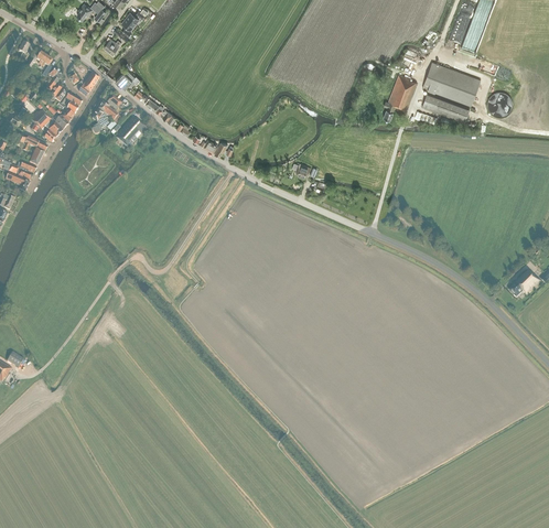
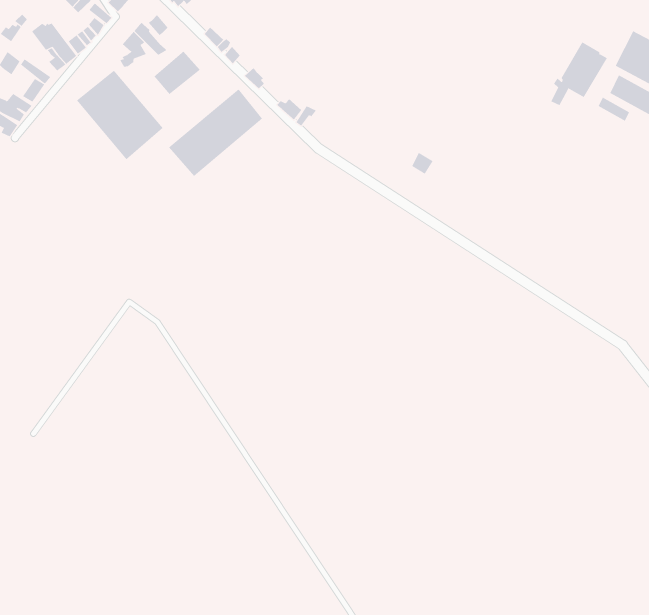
building: none -> [76,70,163,160]
building: none -> [168,89,263,177]

